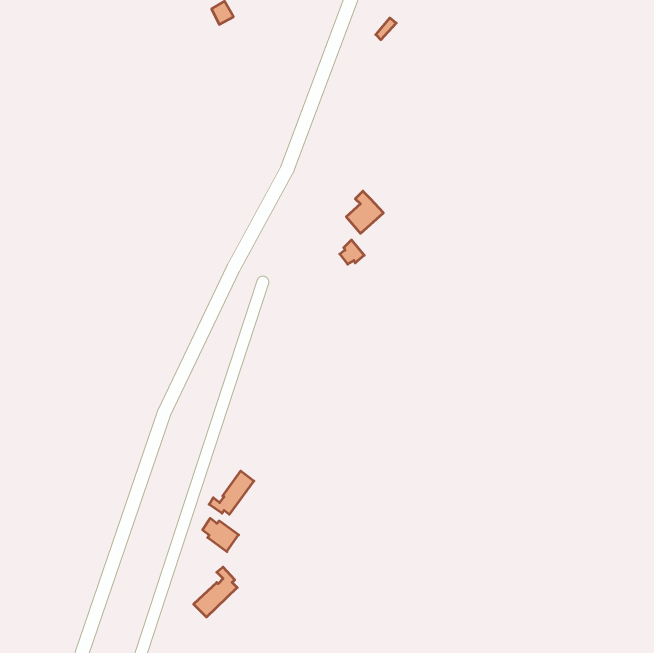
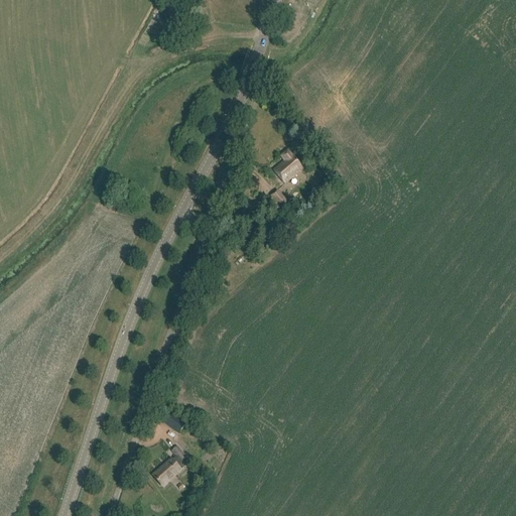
building: [209,471,254,514] -> none

